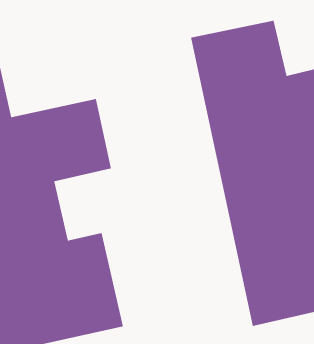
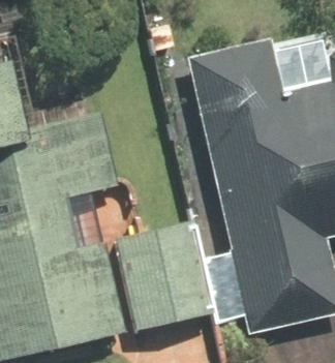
building: none -> [118,221,210,327]

